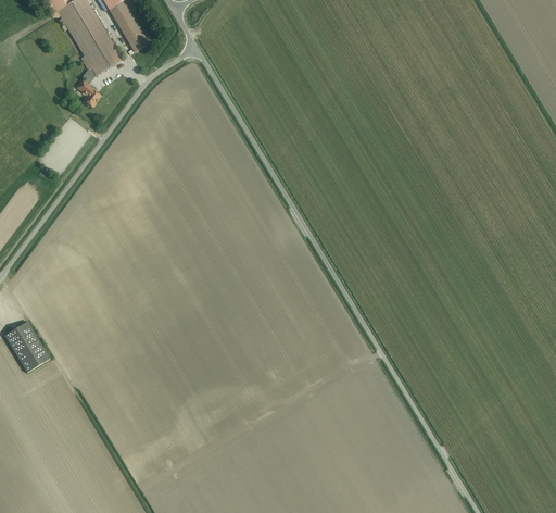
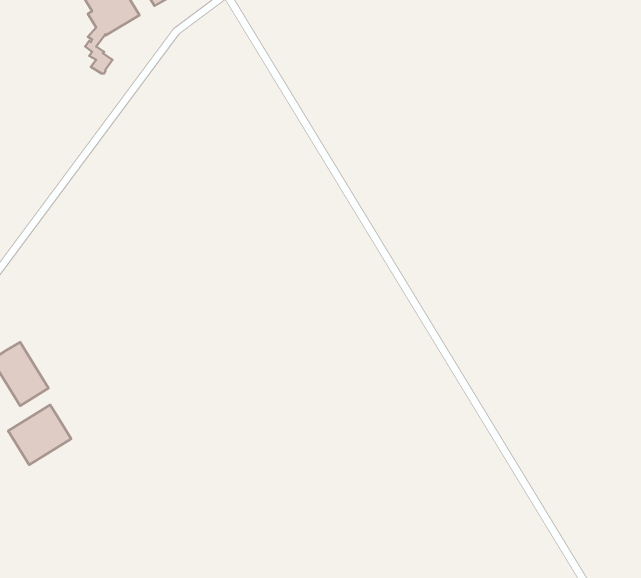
building: none -> [8,405,71,465]

